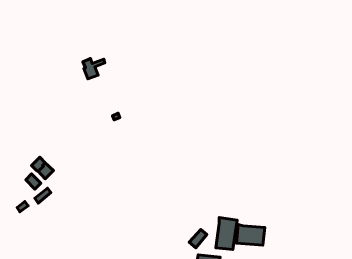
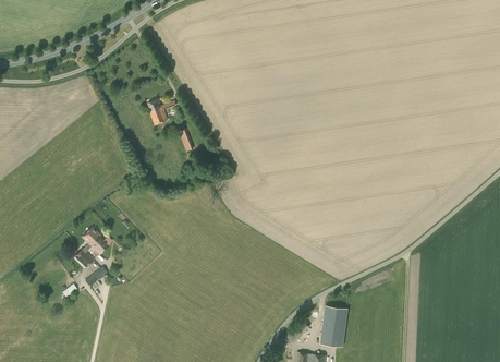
building: [237,224,265,245] -> none

